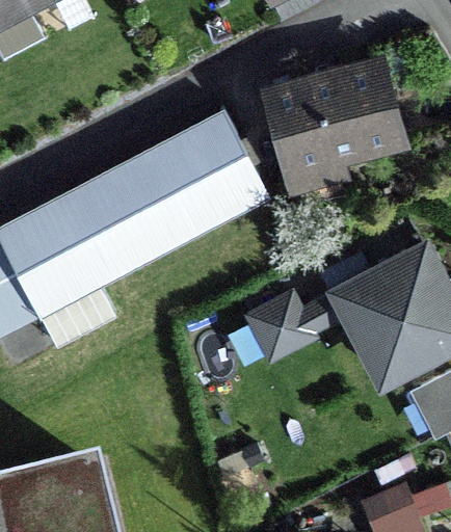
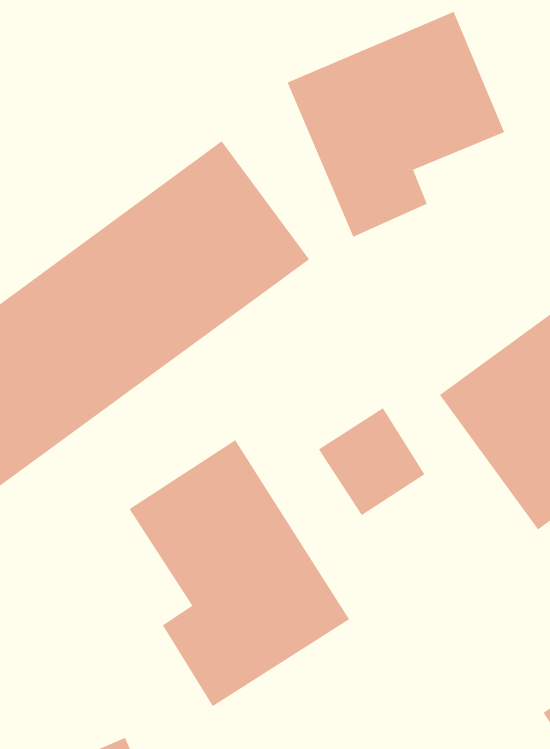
building: none -> [129,439,350,707]

